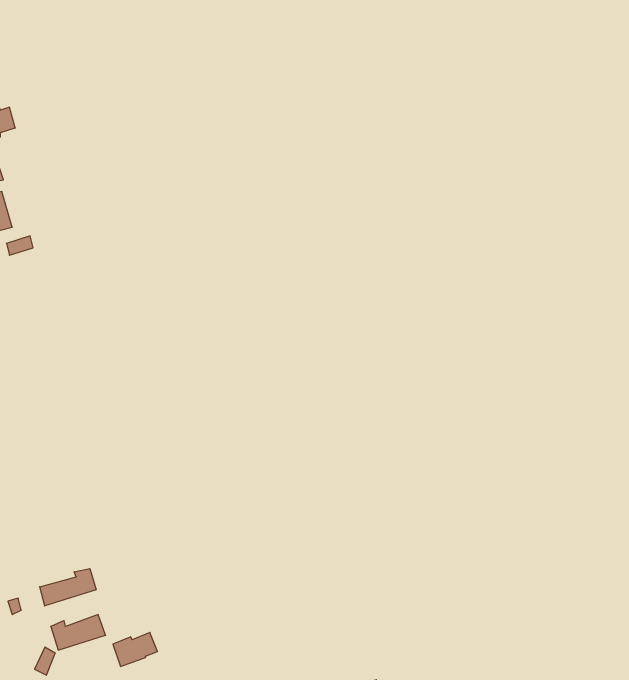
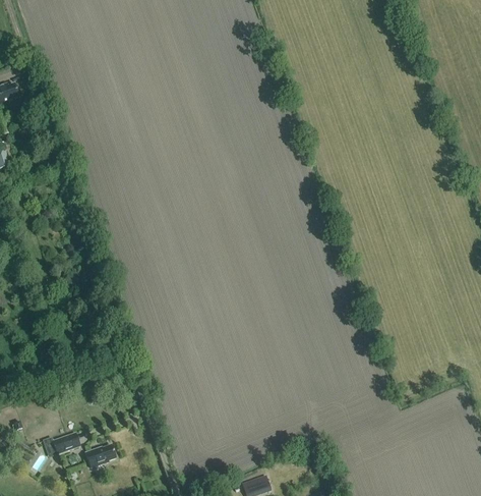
building: [40,569,96,606] -> none

